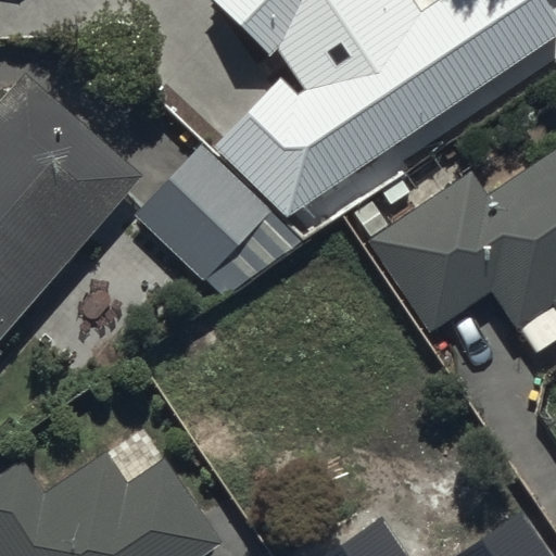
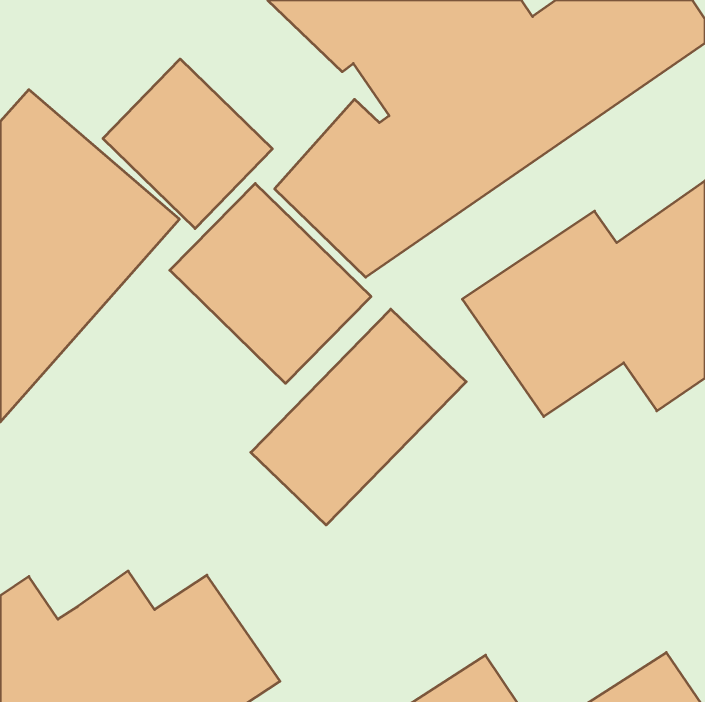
building: none -> [103,59,272,229]
building: none -> [251,309,466,525]

